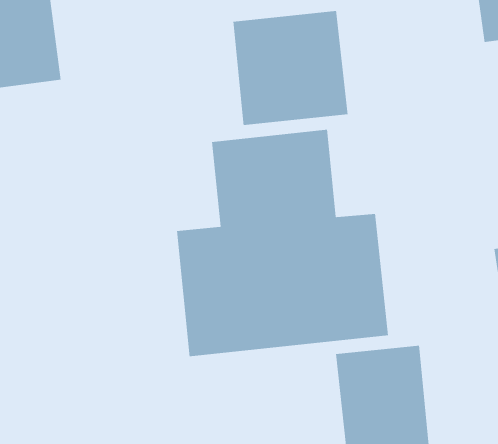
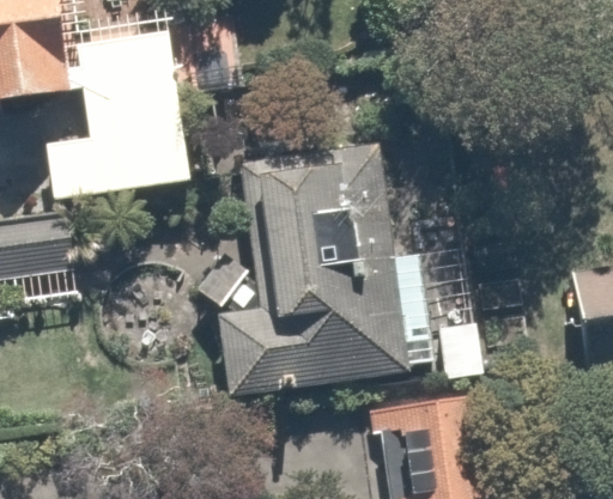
building: [233,10,348,126] -> none
building: none -> [53,31,183,194]

